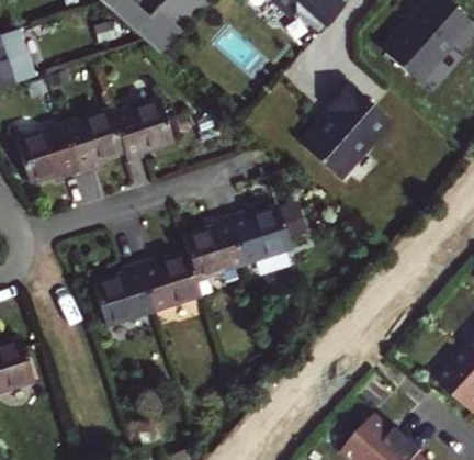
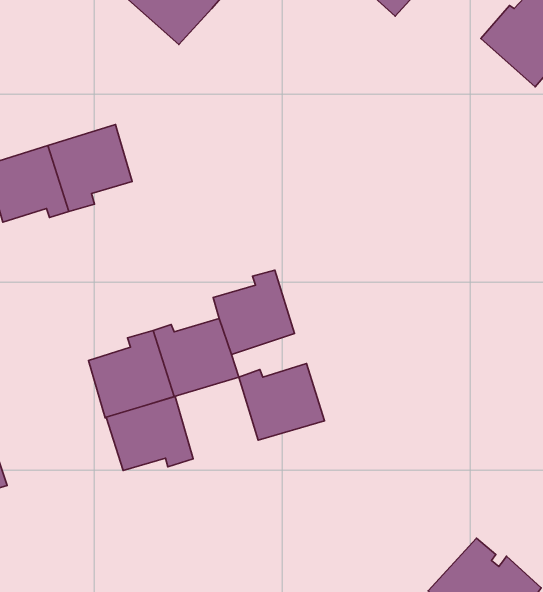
building: [304,83,392,177] -> none
building: [116,100,178,162] -> none
building: [232,207,294,263] -> [239,364,324,440]
building: none -> [106,396,193,470]

